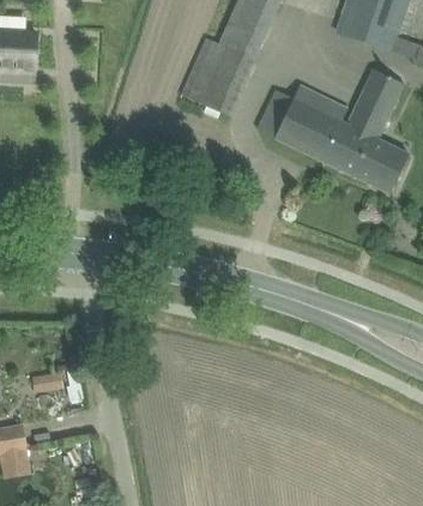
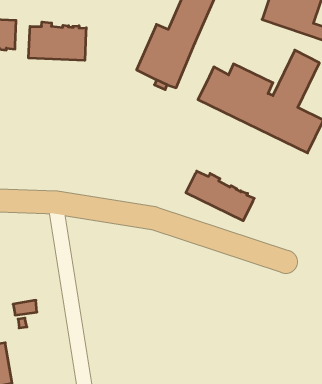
building: none -> [29,22,86,60]
building: none -> [186,171,254,221]

